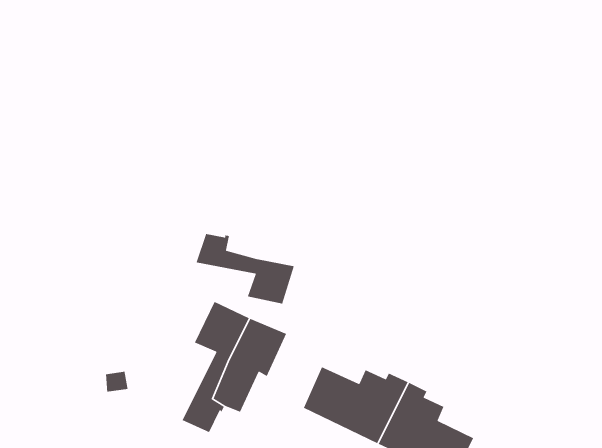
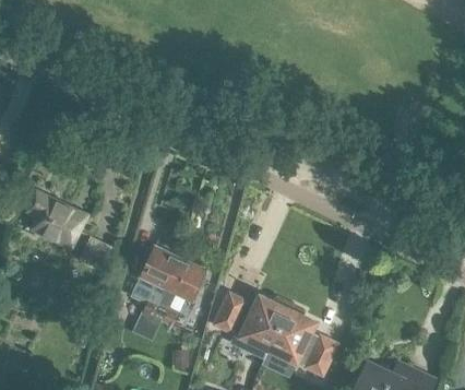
building: none -> [25,191,87,250]
building: [196,233,295,304] -> none

